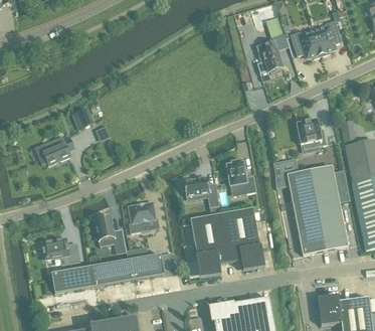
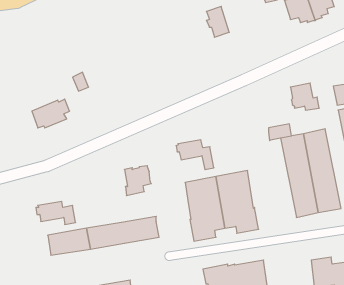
building: [259,39,283,70] -> [206,6,229,37]
building: [227,160,255,191] -> none
building: [95,214,126,252] -> none

